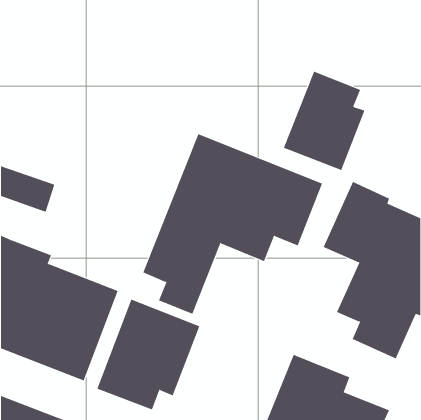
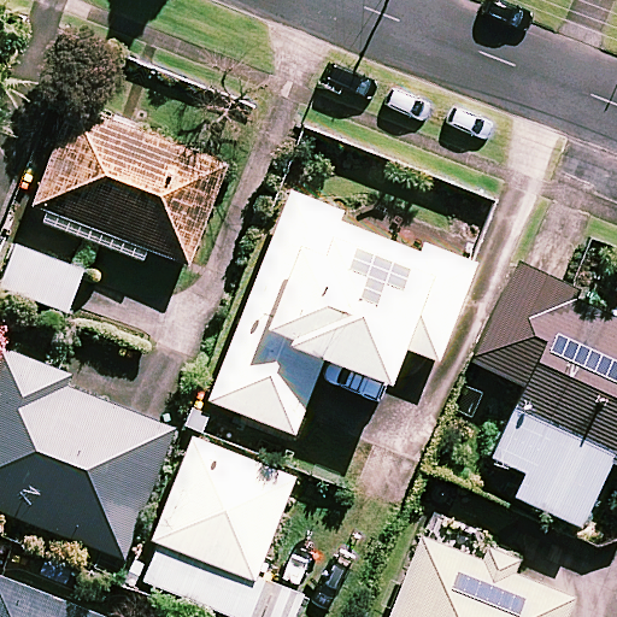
building: [283,71,365,171] -> none
building: none -> [28,107,224,275]

